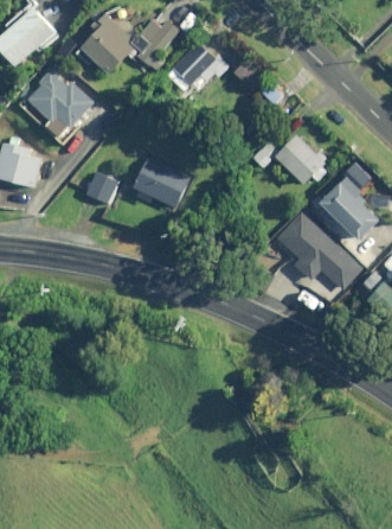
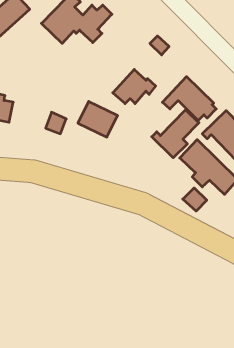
building: [166,42,227,90] -> [113,69,156,104]
building: [27,70,92,142] -> none
building: none -> [152,110,199,158]
building: none -> [183,188,207,211]

